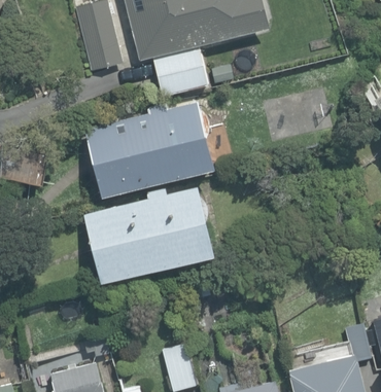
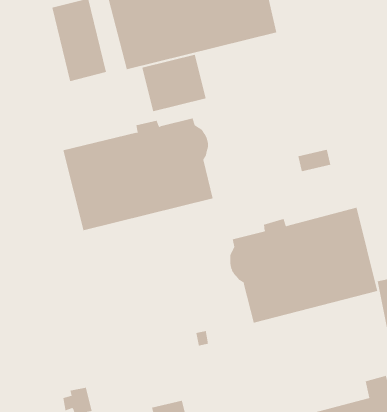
building: none -> [230,207,378,323]
building: [84,186,214,283] -> none

